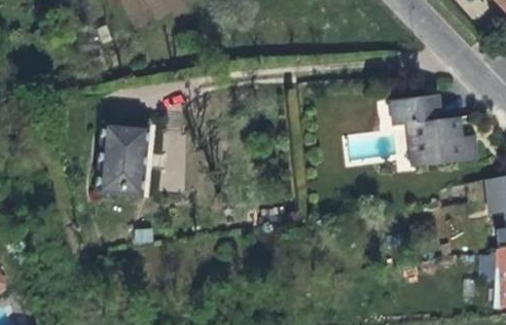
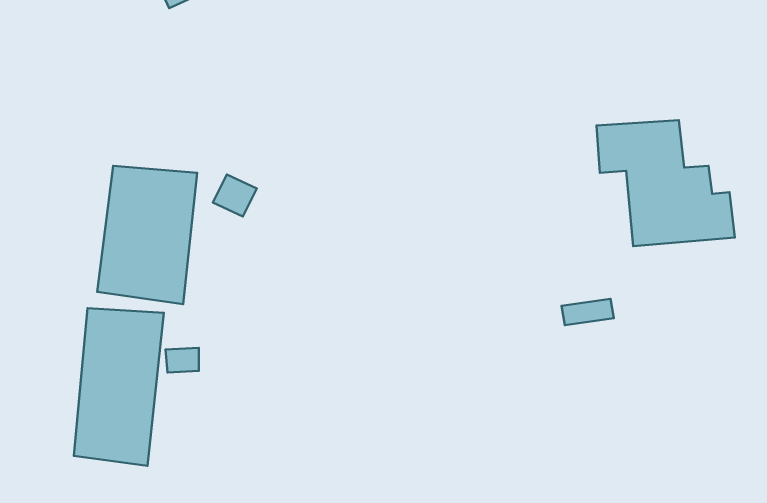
building: none -> [74,308,164,466]

